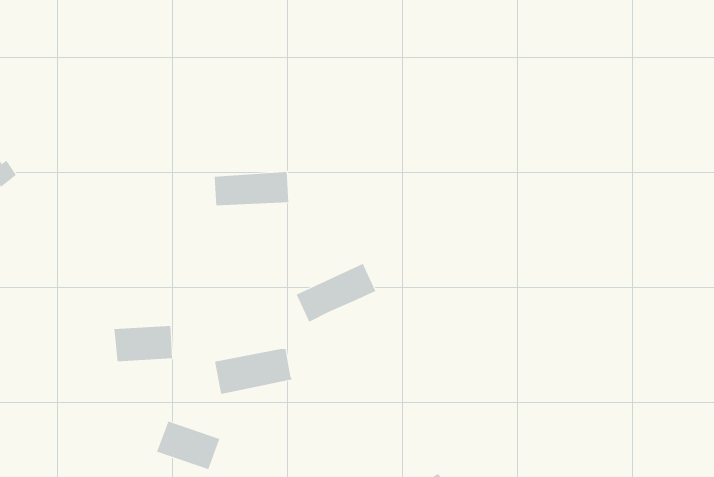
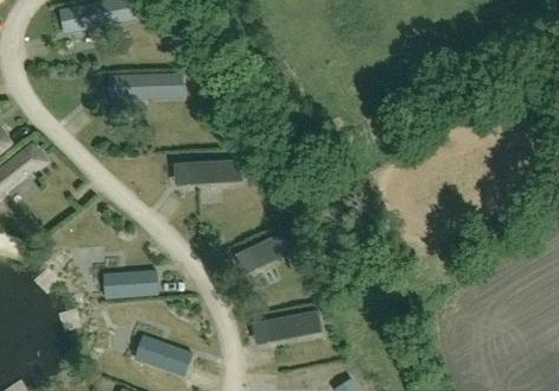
building: none -> [112,74,178,99]
building: [214,348,293,394] -> [261,309,318,342]

